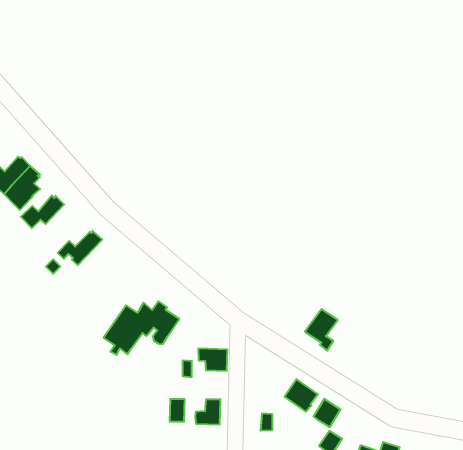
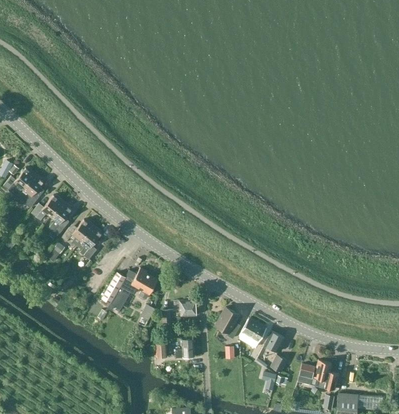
building: none -> [49,201,71,235]
building: none -> [77,225,101,259]
building: [305,309,338,351] -> [215,308,239,339]

